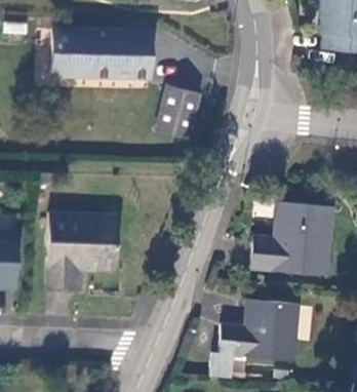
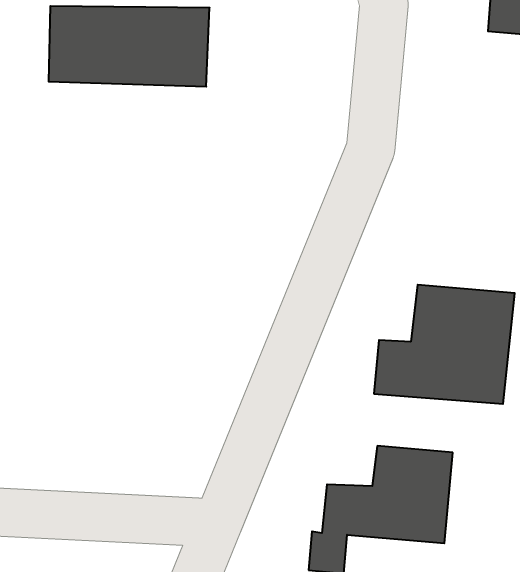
building: [155,89,198,141] -> none
building: [48,212,119,292] -> none

